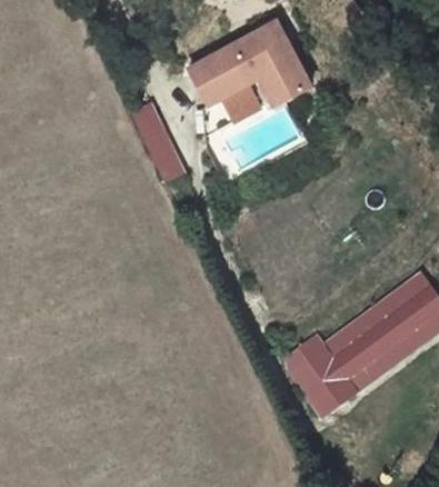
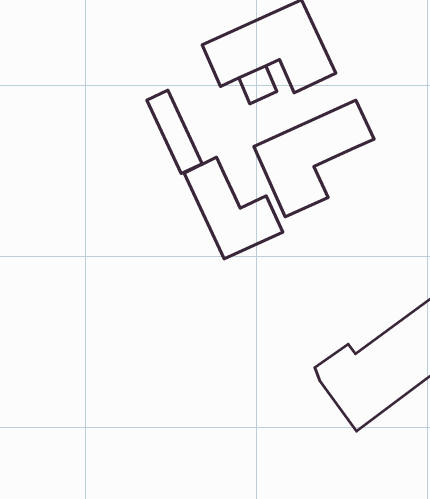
building: none -> [254,100,374,217]
building: none -> [184,157,283,259]

